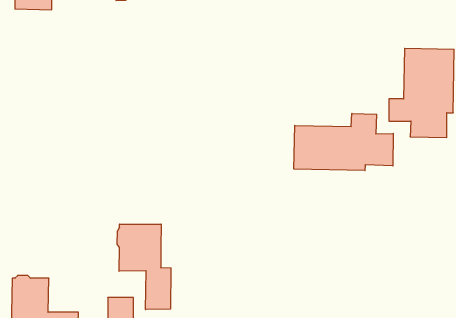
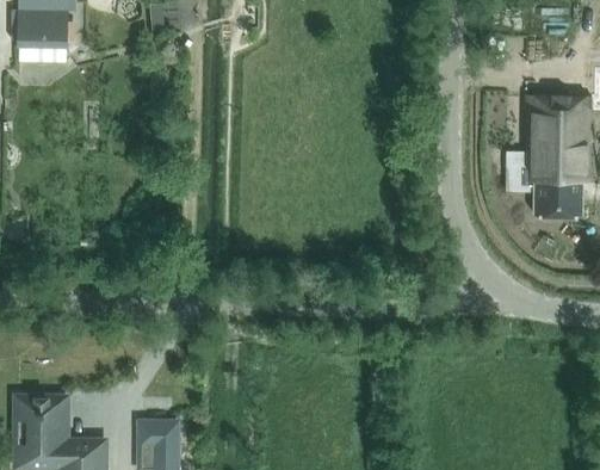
building: [294,113,393,171] -> none
building: [117,224,171,310] -> none

